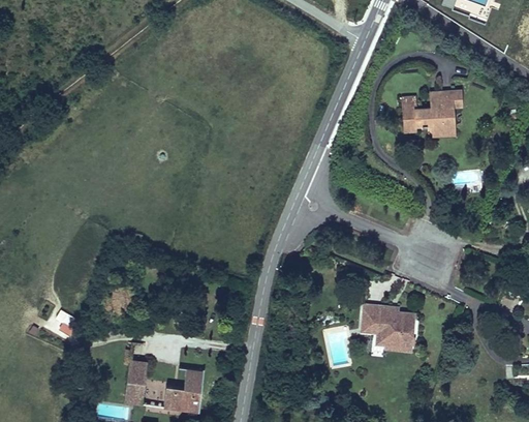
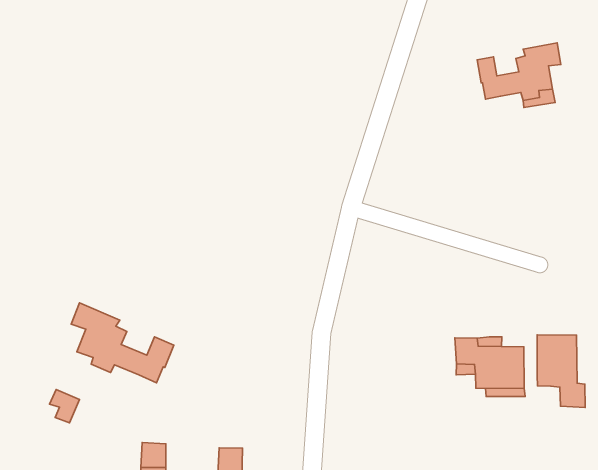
building: none -> [71,303,174,383]
building: none -> [537,335,585,408]

